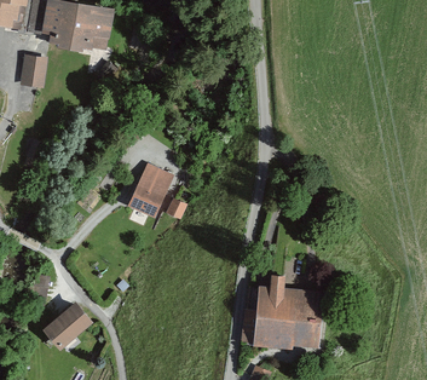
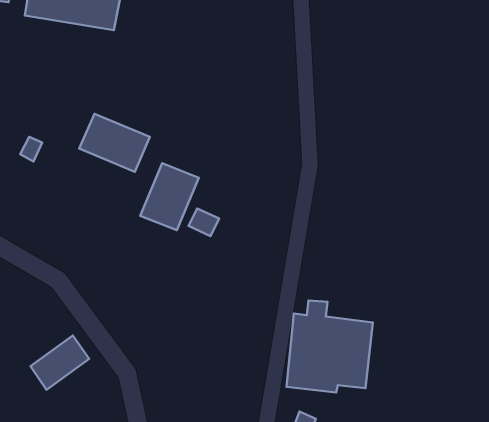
building: [21,56,47,87] -> none
building: none -> [79,114,150,172]

